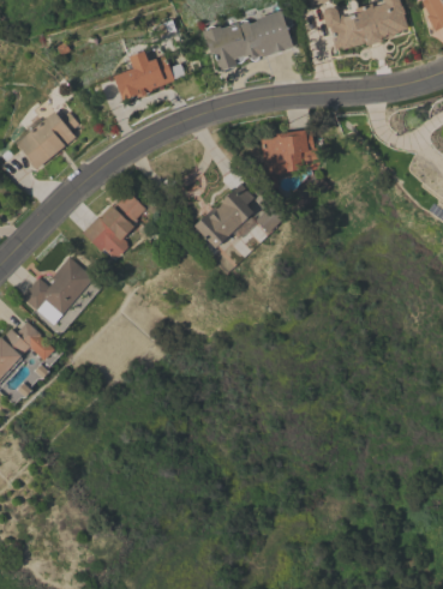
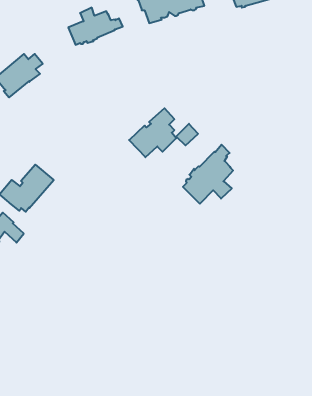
building: [262,131,321,179] -> none
building: [83,192,146,258] -> none
building: none -> [183,145,233,204]

